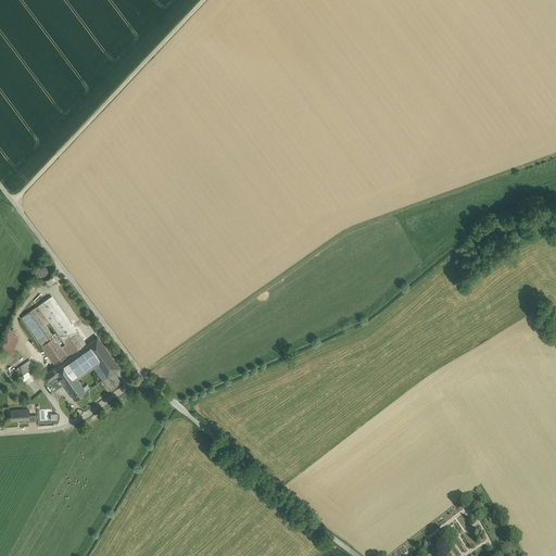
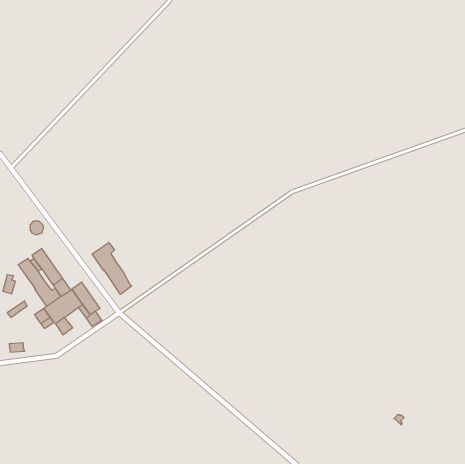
building: none -> [92,242,131,294]

